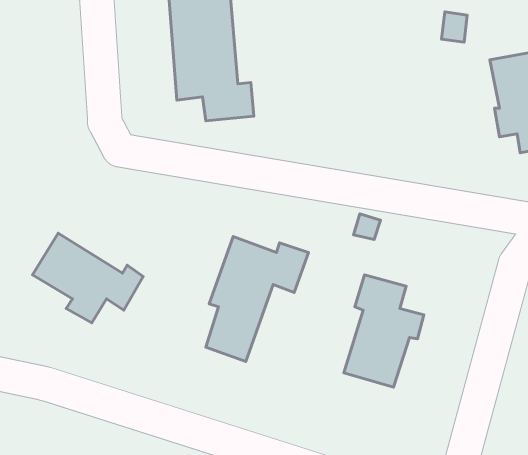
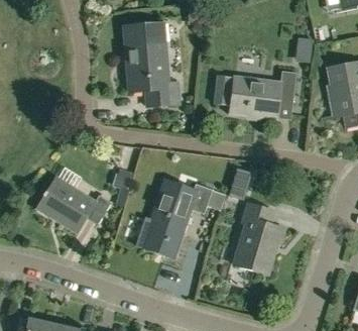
building: none -> [215,70,296,118]

